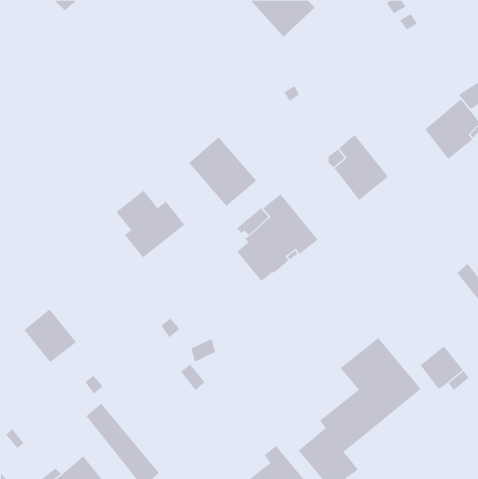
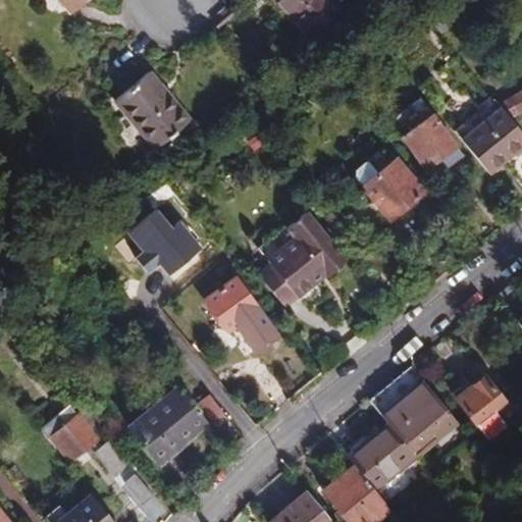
building: none -> [403,114,463,170]
building: [188,136,257,207] -> [116,72,192,149]
building: none -> [205,277,276,351]
building: [23,308,77,363] -> [42,405,100,464]
building: none -> [128,387,208,465]

